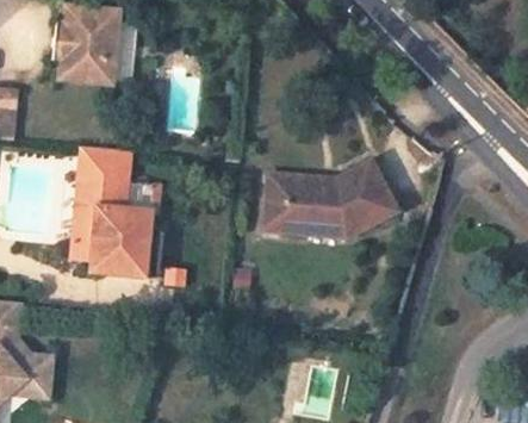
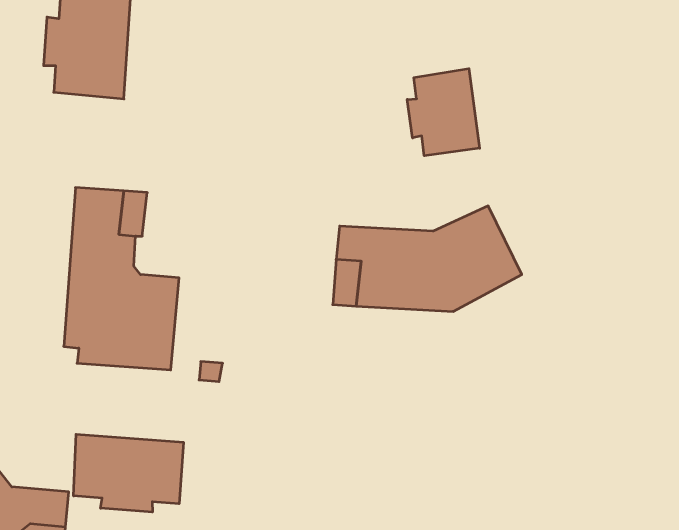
building: none -> [407,69,480,156]
building: none -> [74,434,183,512]

